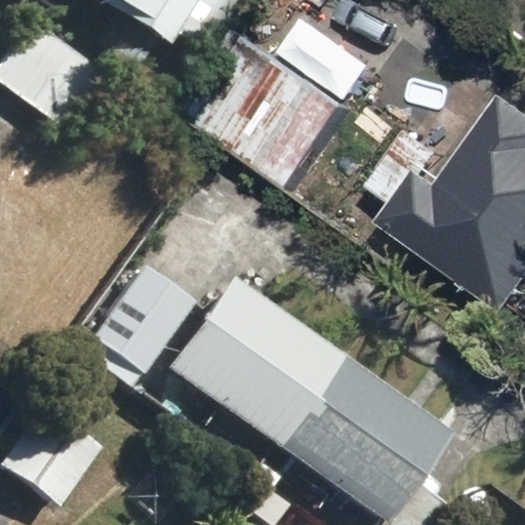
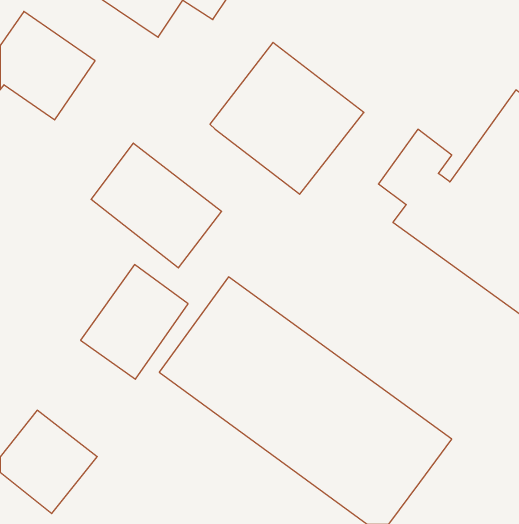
building: none -> [91,143,222,268]

